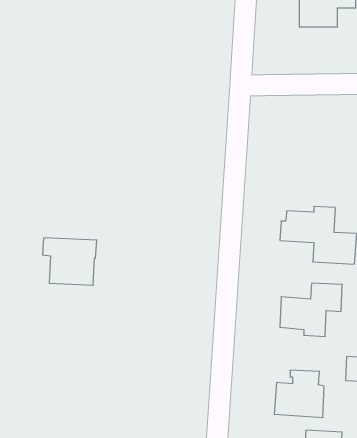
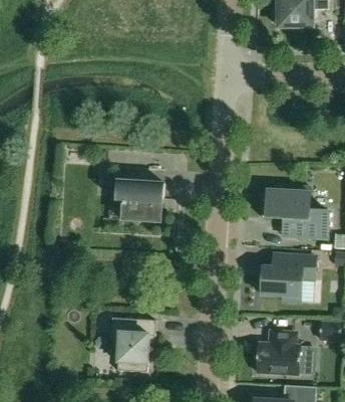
building: [42,238,97,285] -> [115,179,163,221]
building: none -> [110,317,156,371]

